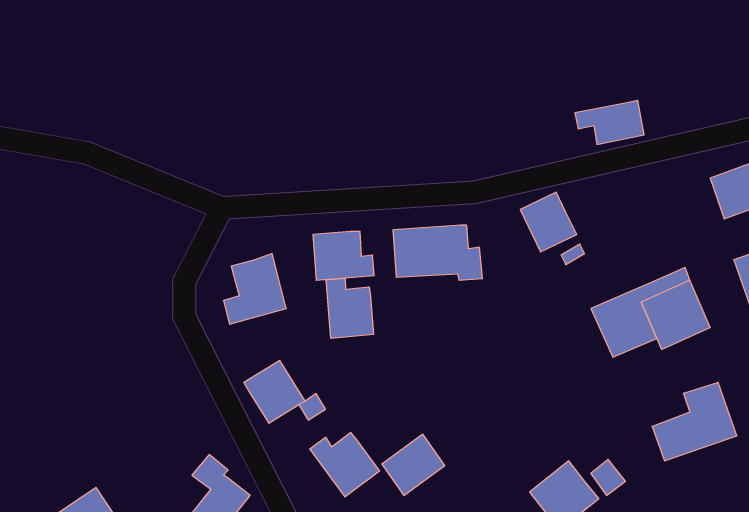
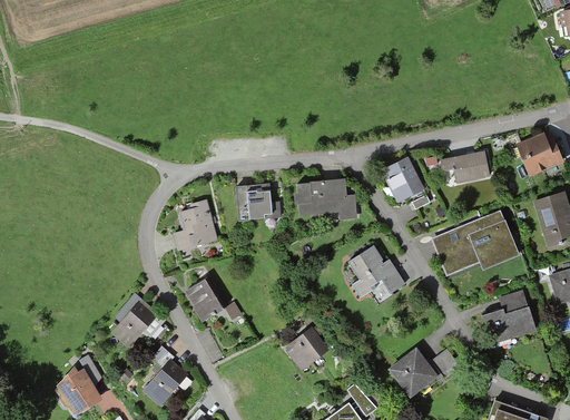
building: [575,100,644,144] -> [440,153,489,184]
building: [326,278,374,338] -> none
building: none -> [347,247,405,300]
building: none -> [111,292,159,346]
building: [310,432,379,497] -> none

